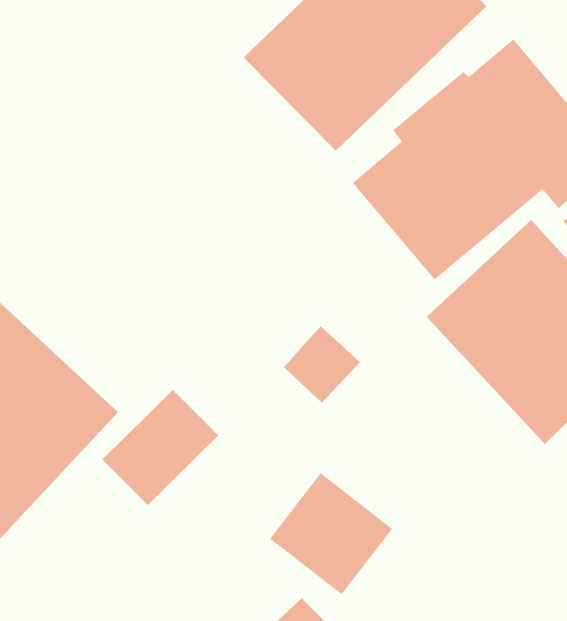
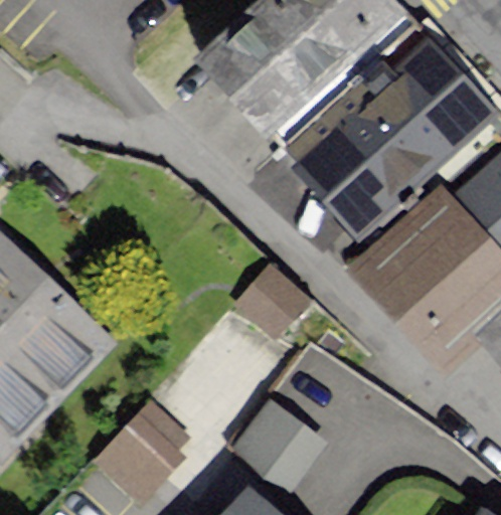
building: [102,389,219,506] -> [98,403,192,497]

